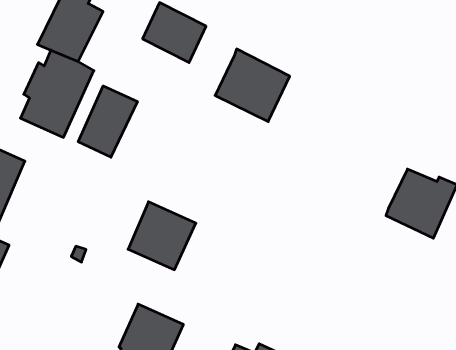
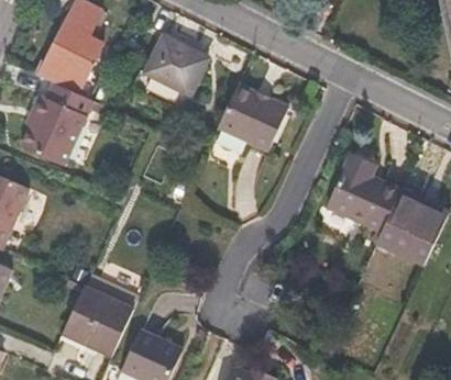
building: [78,86,137,157] -> none
building: none -> [326,154,402,235]
building: [128,202,196,270] -> [65,288,131,354]

